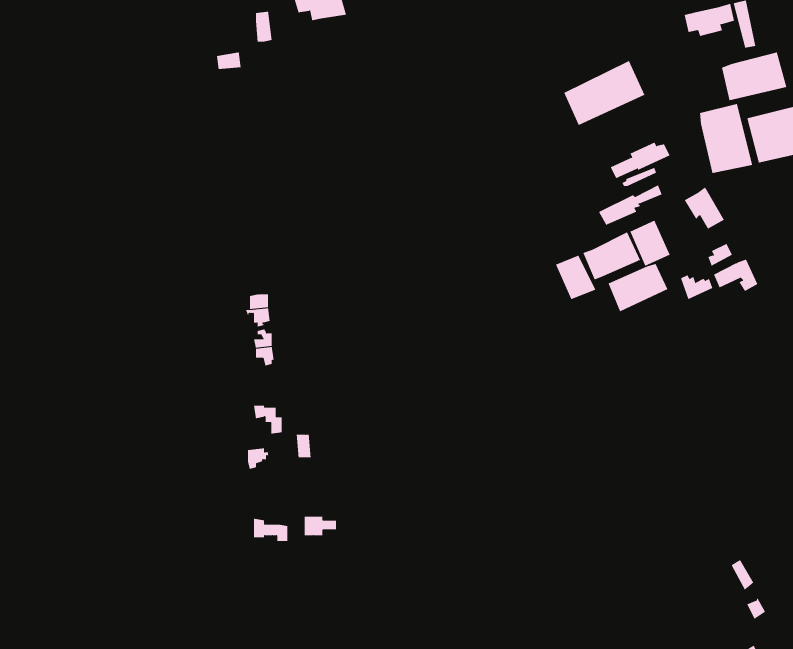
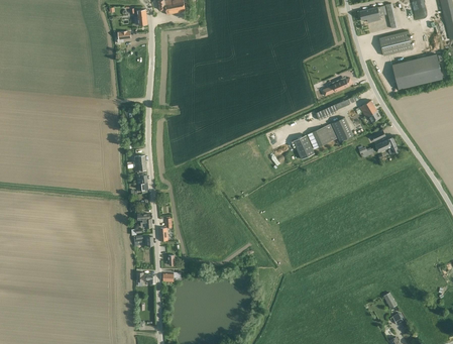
building: [563,60,645,126] -> none
building: [699,103,753,174] -> none
building: [608,263,668,312] -> none

